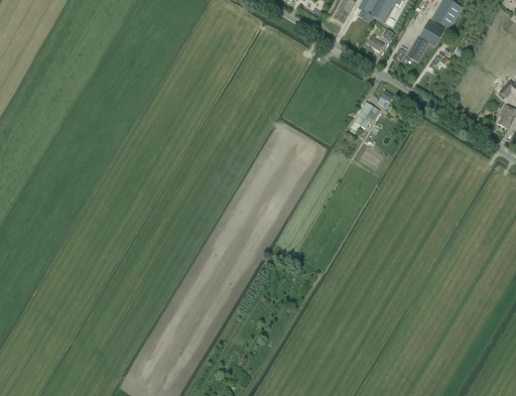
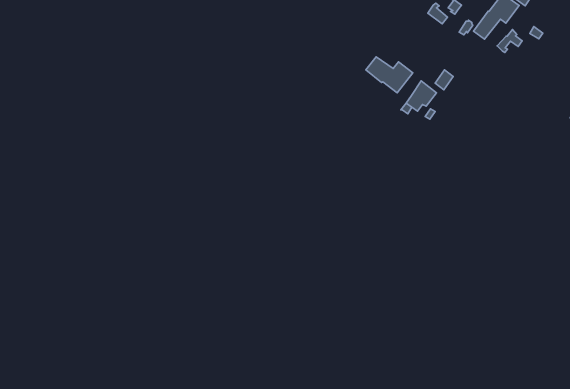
building: none -> [366,57,413,93]

